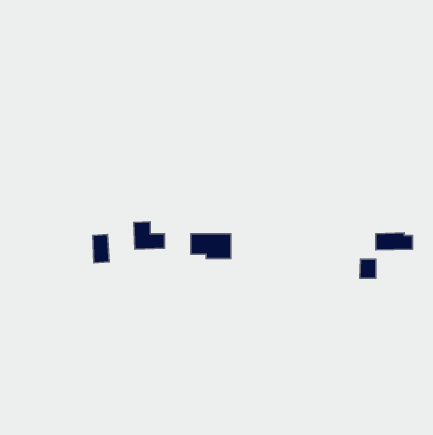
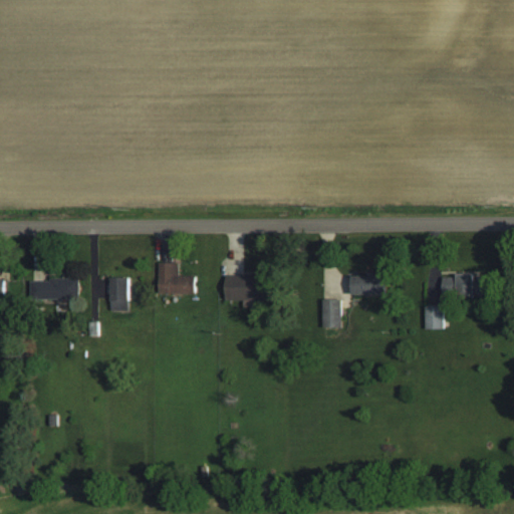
building: none -> [351,274,386,294]
building: none -> [29,278,78,300]
building: none -> [321,299,340,327]

